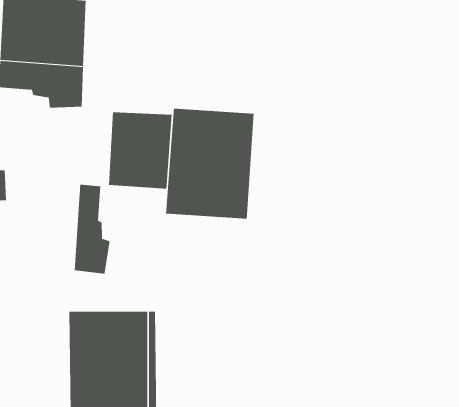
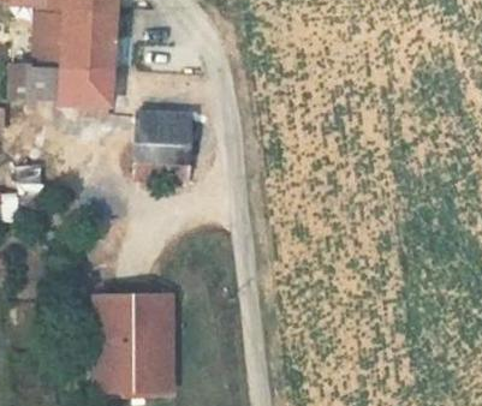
building: [165,108,254,220] -> none
building: [74,184,110,275] -> none

